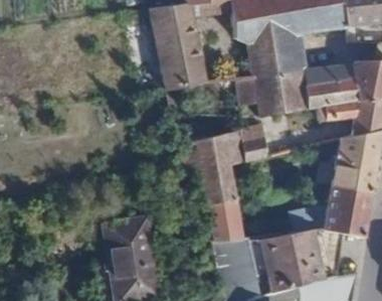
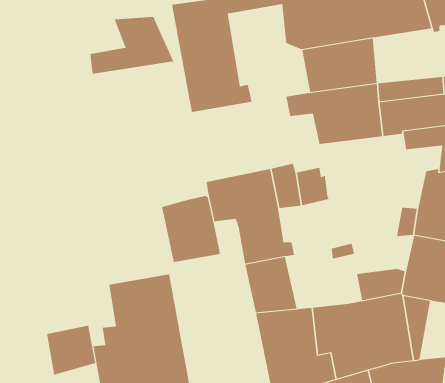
building: none -> [90,16,174,75]
building: none -> [161,195,220,263]
building: none -> [47,325,96,376]

